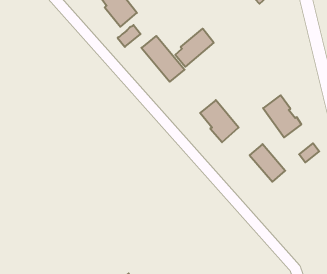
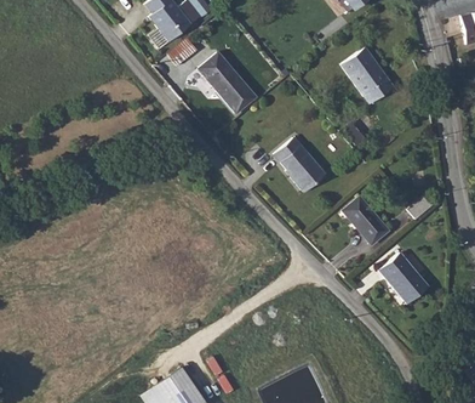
building: [175,29,214,67] -> none
building: [263,95,301,137] -> [342,47,393,103]
building: none -> [379,252,429,303]

